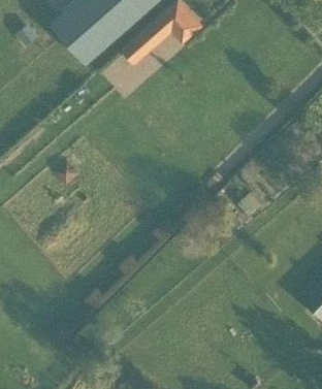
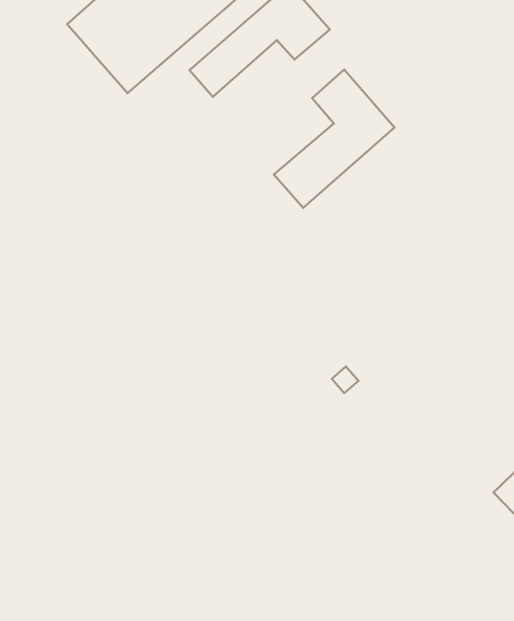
building: none -> [274,69,395,208]

